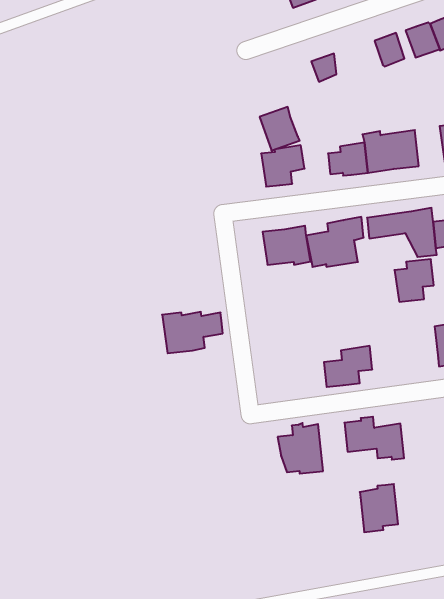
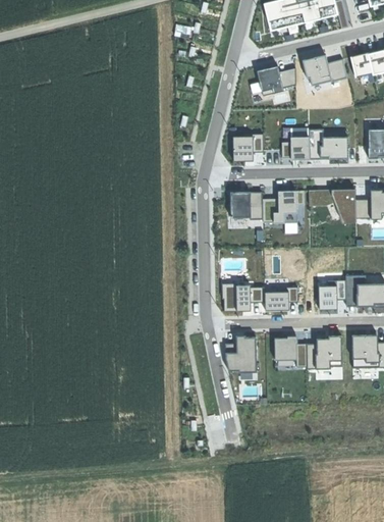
building: none -> [301,55,330,85]
building: [260,107,300,151] -> [256,65,283,96]
building: [394,259,434,302] -> [320,279,347,308]
building: [162,312,223,353] -> [221,283,264,312]
building: [360,484,398,532] -> [315,336,340,369]

